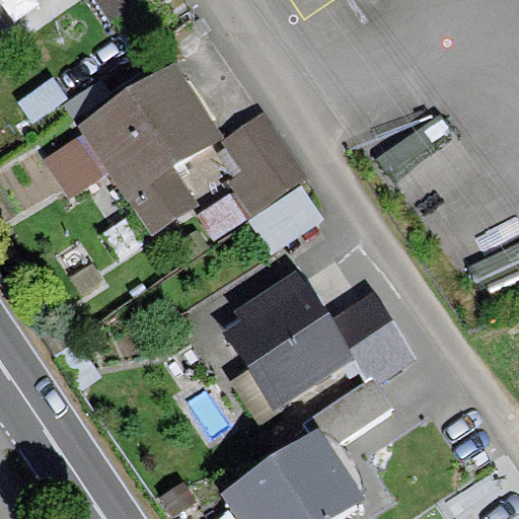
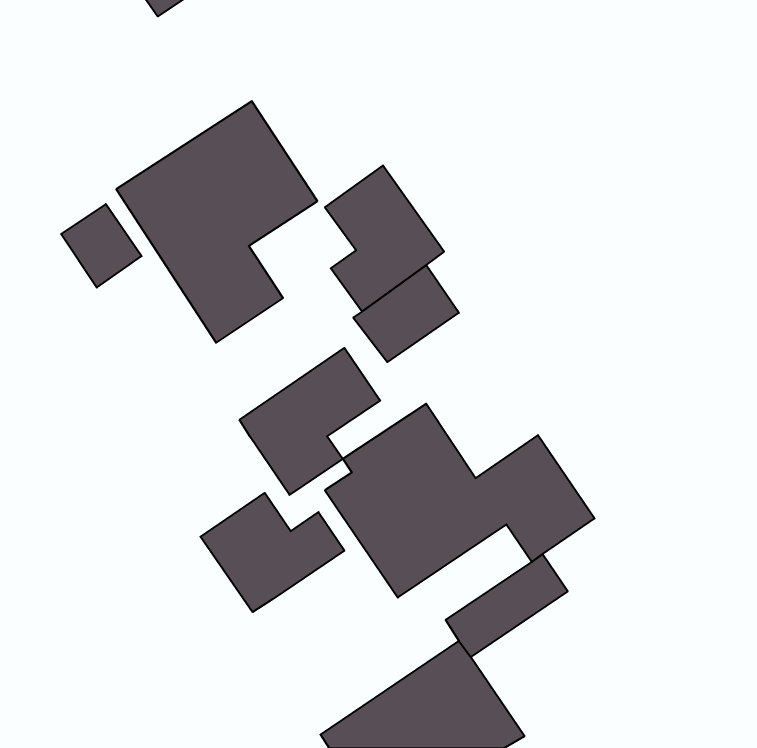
building: none -> [240,348,380,495]
building: none -> [200,493,344,612]

